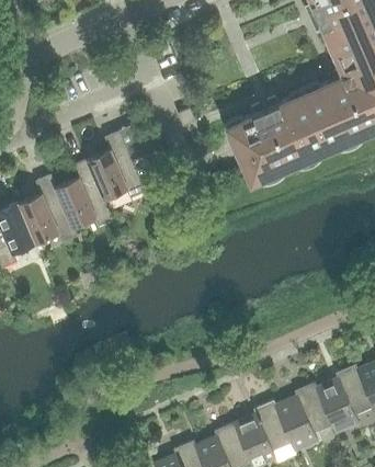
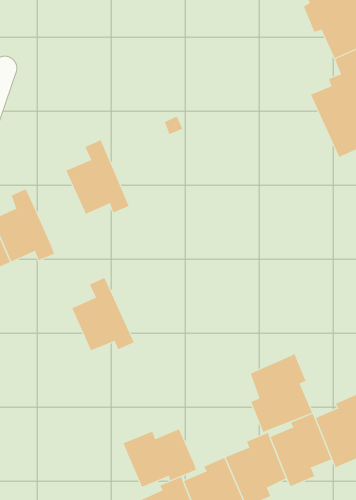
building: [225,89,338,184] -> none
building: [55,159,113,227] -> [71,277,134,351]
building: none -> [250,353,313,433]
building: none -> [123,428,196,487]

